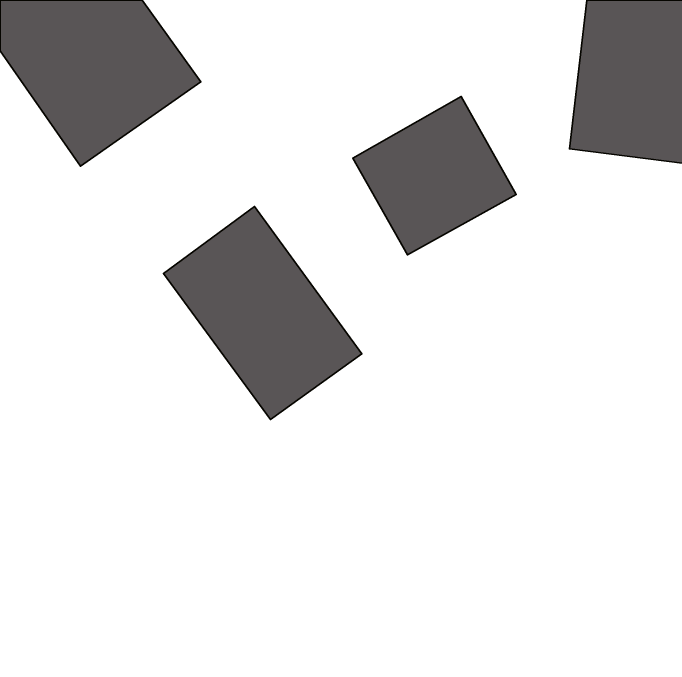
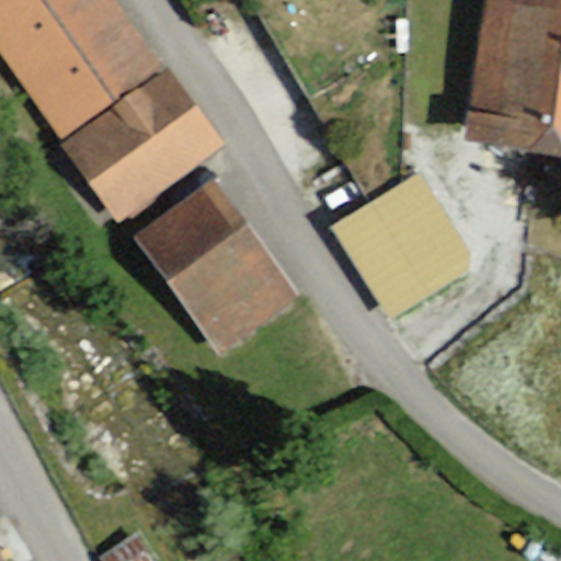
building: none -> [68,73,219,217]
building: [353,96,516,255] -> [336,187,470,317]

